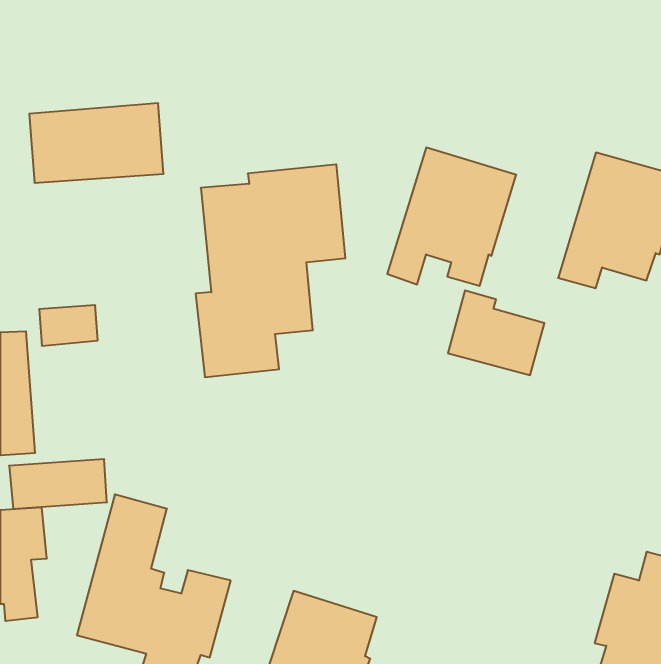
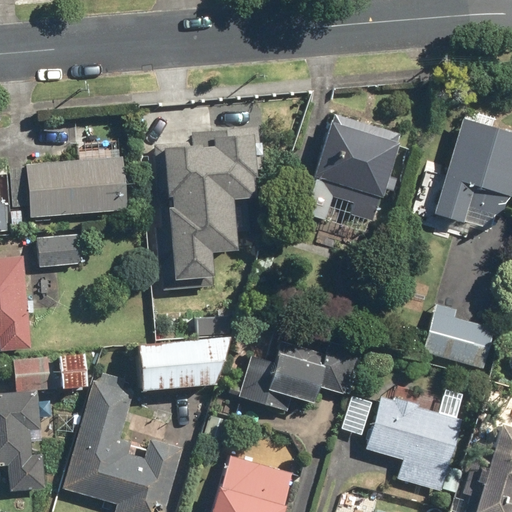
building: [29,103,164,183] -> [24,157,127,218]
building: [448,290,544,375] -> [418,304,492,369]
building: none -> [131,337,231,391]
building: none -> [237,340,360,412]
building: none -> [370,394,471,493]

